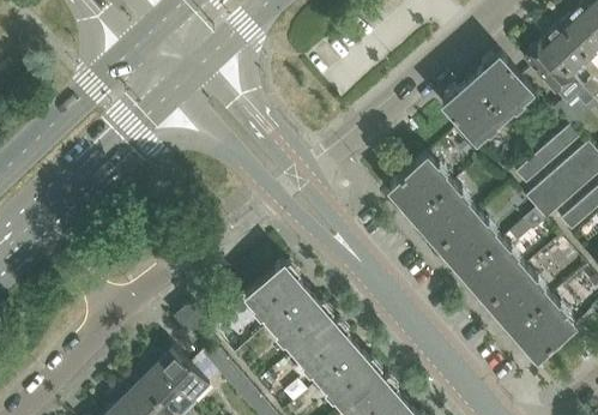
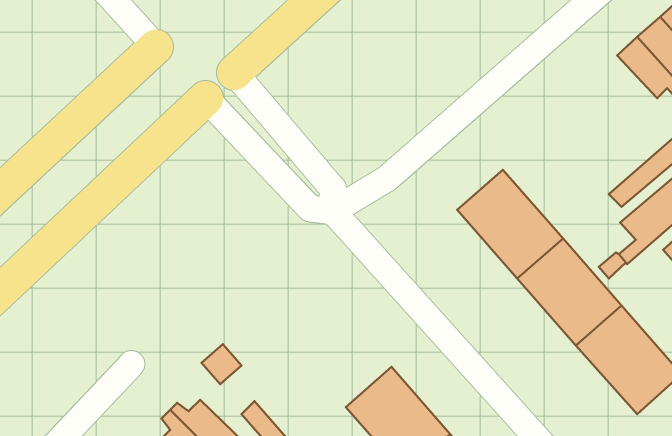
building: [440,55,533,144] -> none
building: [226,263,332,355] -> none

